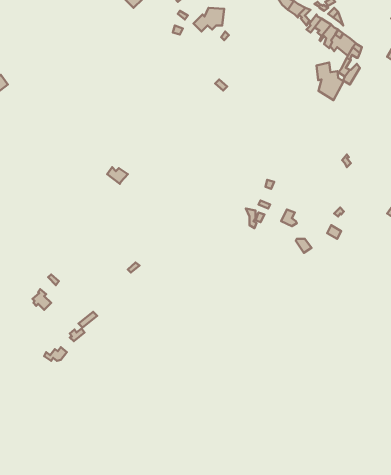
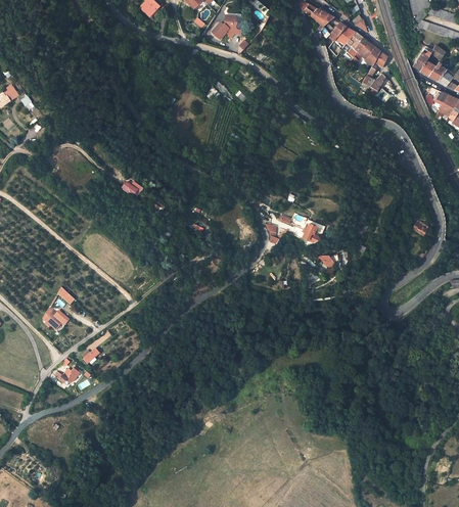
building: [317,62,343,100] -> none

